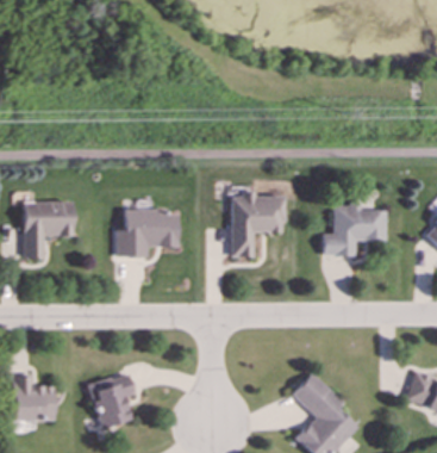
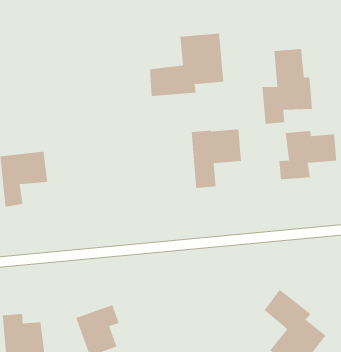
building: none -> [149,33,224,97]
building: none -> [261,48,313,125]
building: [116,209,179,256] -> none

